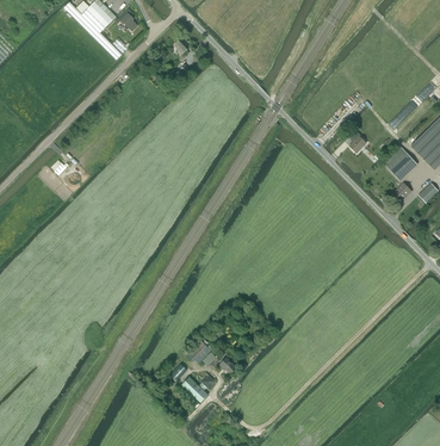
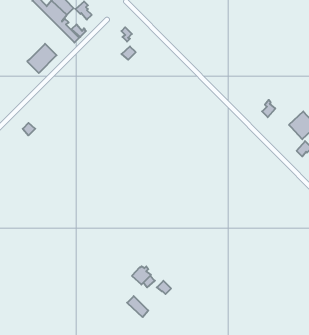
building: none -> [27,44,57,73]

